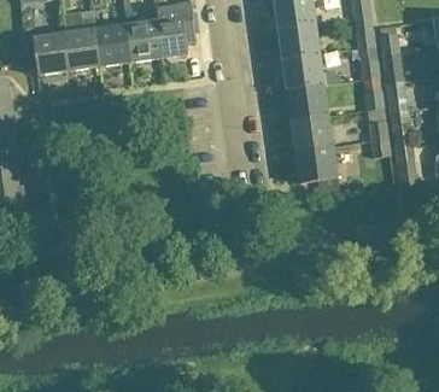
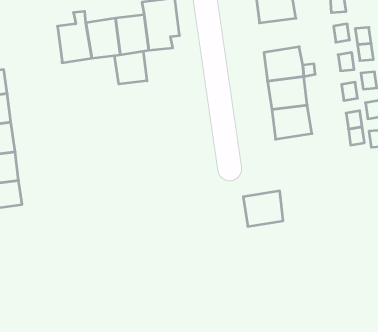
building: [277,22,320,58] -> none
building: [33,30,69,72] -> none
building: none -> [115,51,147,84]
building: [294,144,336,181] -> [243,191,283,226]

